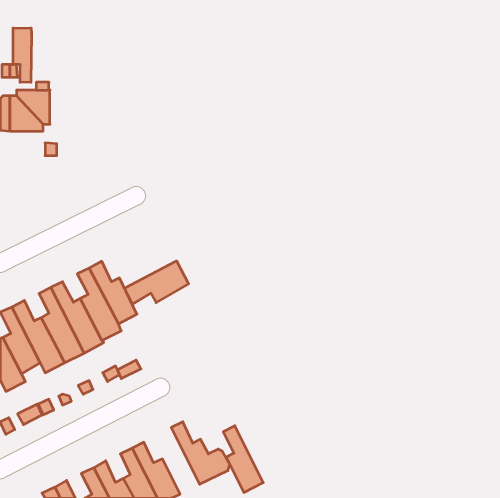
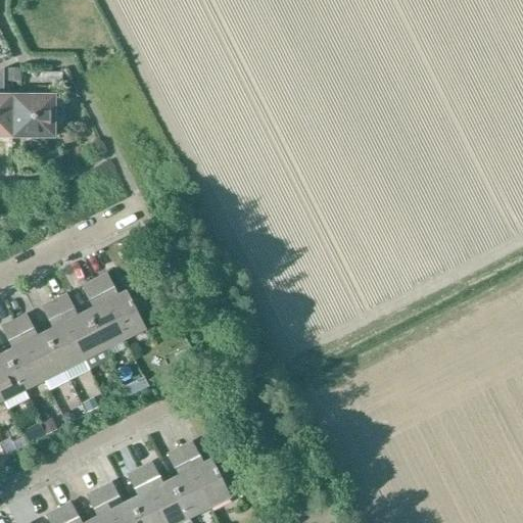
building: [13,28,31,82] -> none
building: [124,261,189,304] -> none
building: [223,426,263,492] -> [167,446,208,516]

